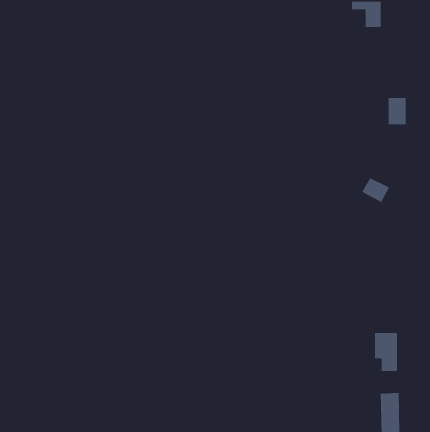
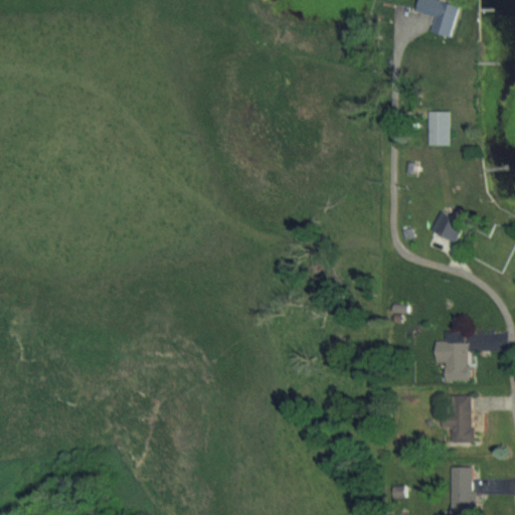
building: [388,97,407,125] -> [424,112,447,145]
building: none -> [437,332,469,380]

